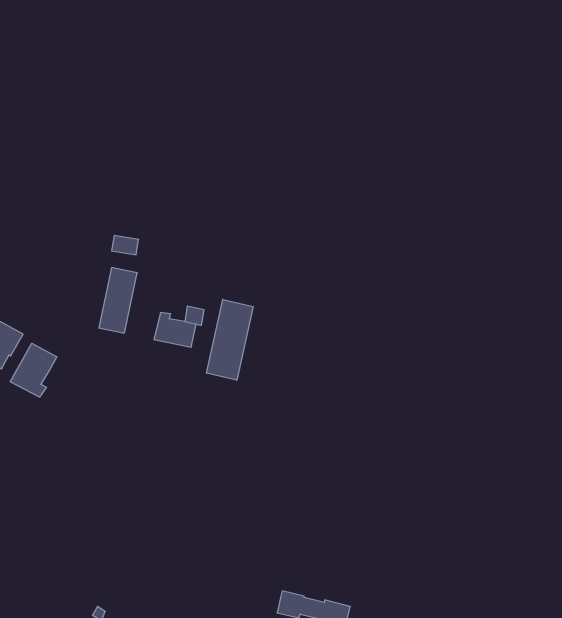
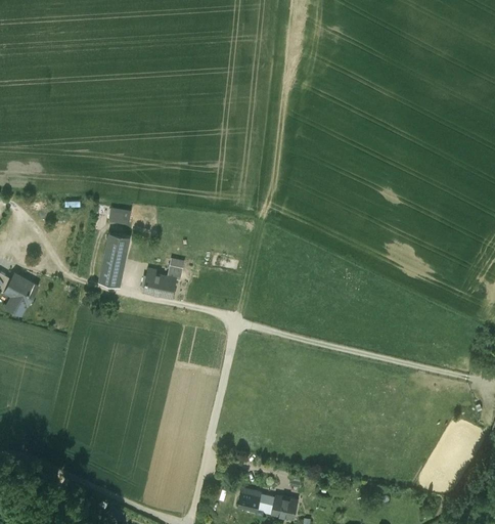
building: [206,299,253,380] -> none
building: [10,343,57,397] -> none

